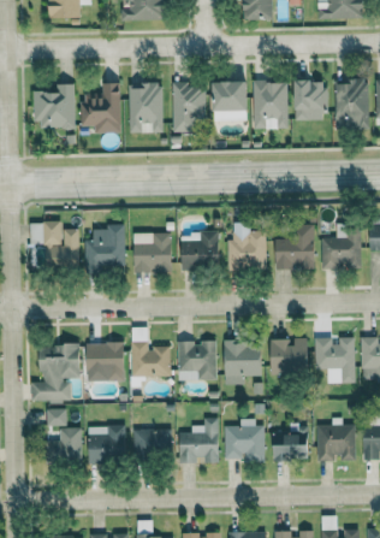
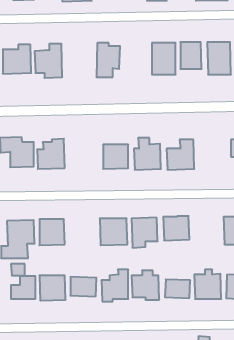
building: [213,82,249,122] -> none
building: [129,83,162,132] -> none
building: [322,224,362,268] -> none
building: [133,232,172,272] -> none
building: [314,337,355,383] -> none
building: [131,341,171,377] -> none

